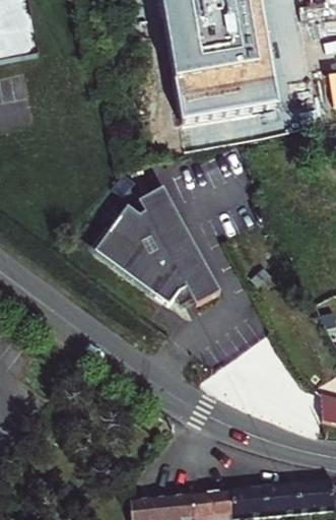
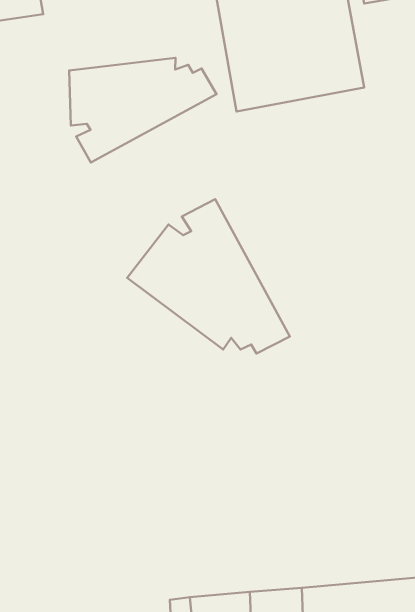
building: none -> [69,58,216,162]

